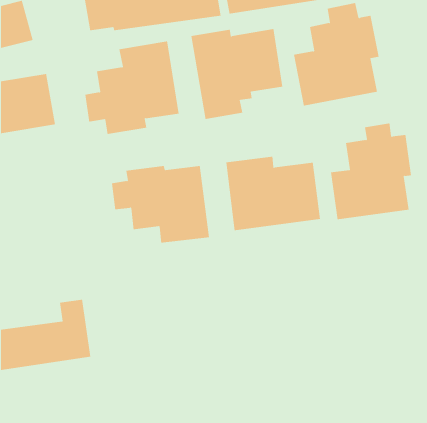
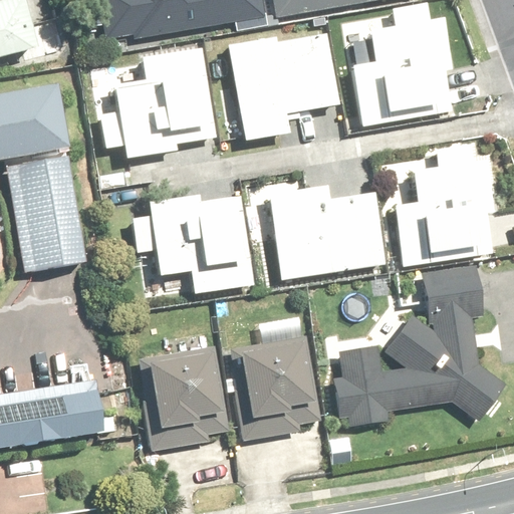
building: none -> [7,158,87,273]
building: none -> [333,268,506,422]
building: none -> [225,315,321,440]
building: none -> [138,343,226,449]

